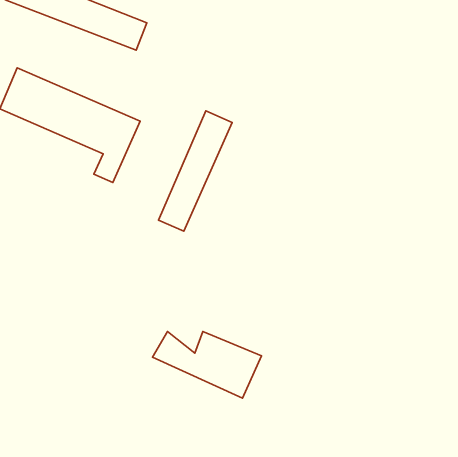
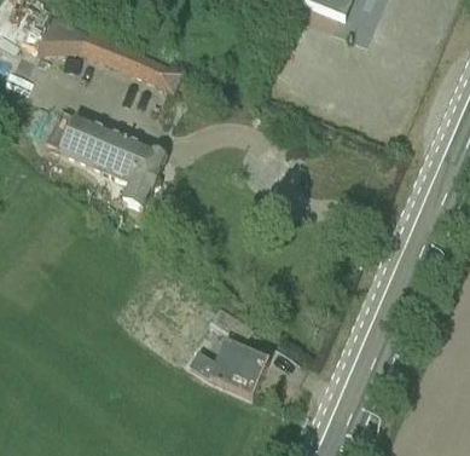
building: [158,111,232,231] -> none

